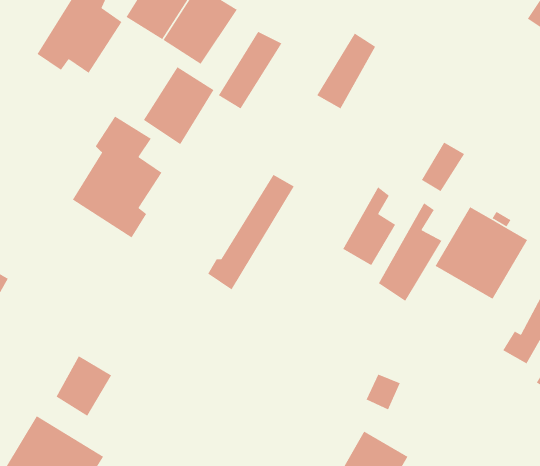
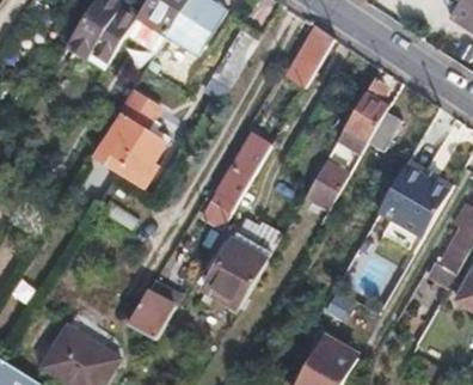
building: [143,66,214,145] -> none
building: [378,202,442,302] -> [338,77,388,154]
building: none -> [205,242,266,307]
building: [55,355,112,417] -> [129,292,173,340]

